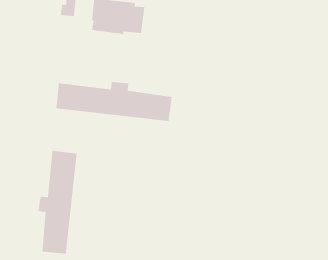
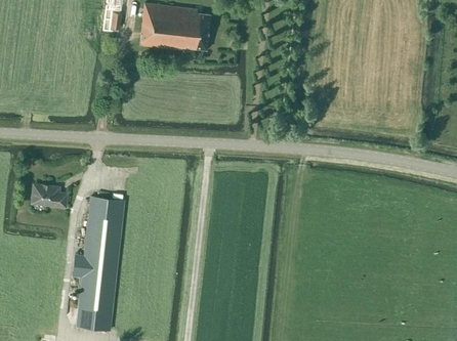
building: [55,81,172,122] -> none
building: none -> [32,185,67,207]

